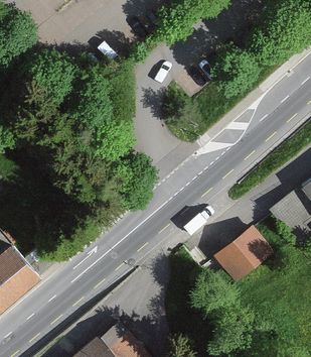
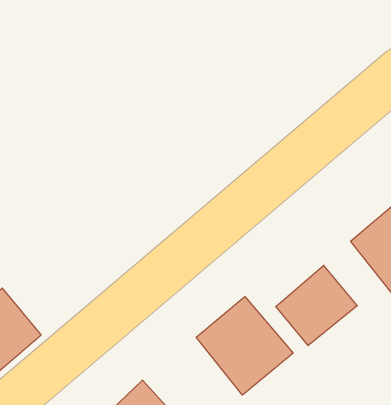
building: none -> [196,297,293,395]

